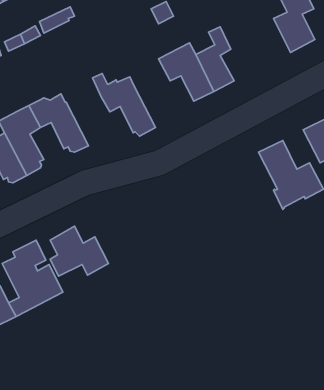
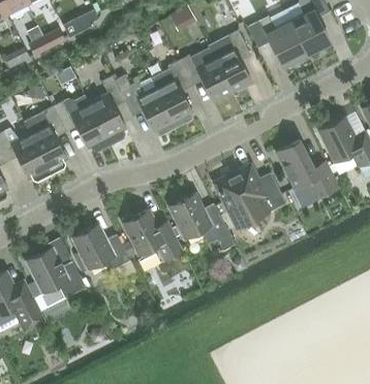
building: none -> [247,15,307,65]
building: none -> [151,60,193,127]
building: none -> [89,75,126,145]
building: none -> [215,164,285,227]
building: none -> [169,193,235,250]
building: none -> [124,210,184,262]

